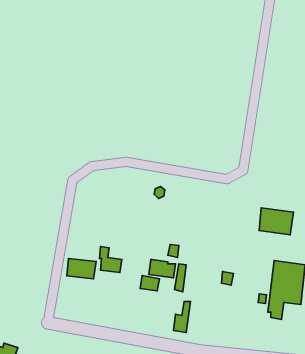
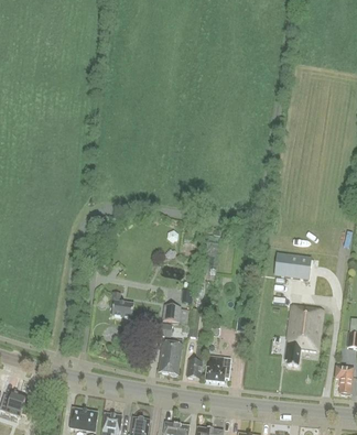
building: [67,258,96,279] -> none
building: none -> [158,338,182,374]
building: none -> [205,356,230,381]

